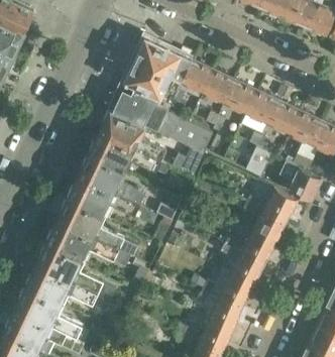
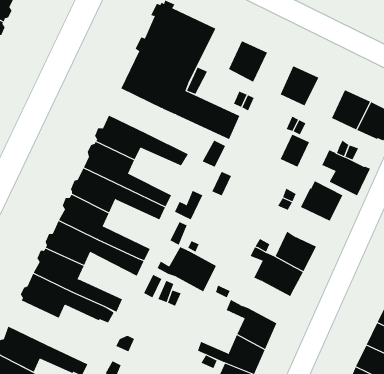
building: [180,60,213,94] -> none
building: [223,80,256,115] -> none
building: [266,101,300,135] -> none
building: [101,110,165,160] -> none
building: [251,210,288,243] -> none
building: [204,269,254,308] -> [157,247,217,292]
building: [16,288,88,342] -> none

